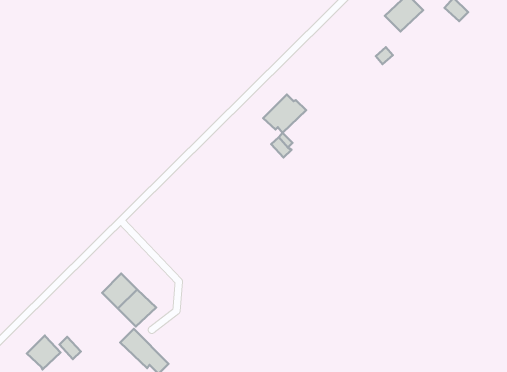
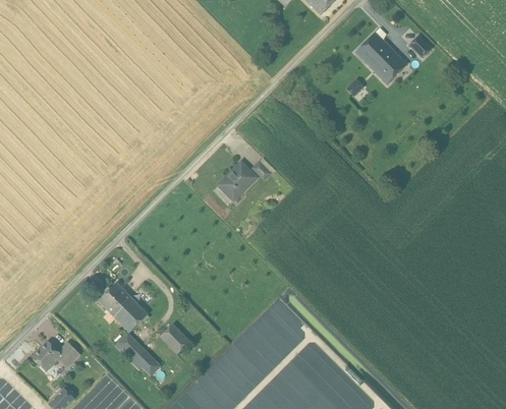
building: none -> [370,47,407,84]
building: [263,95,306,133] -> [218,164,257,198]
building: none -> [160,324,190,354]

